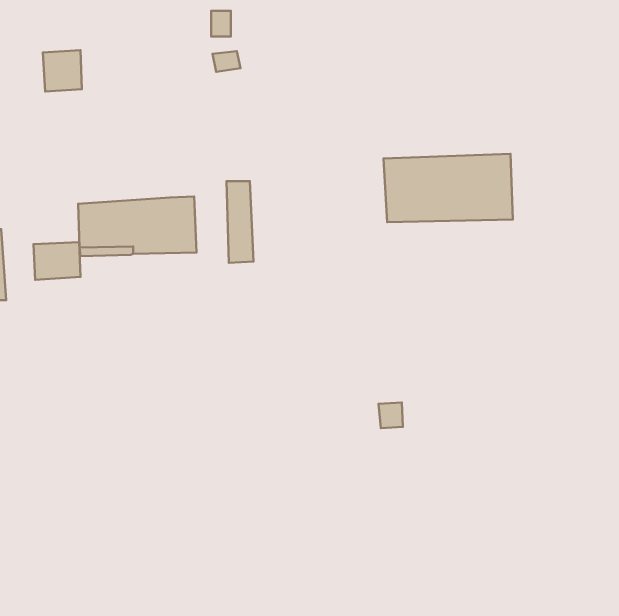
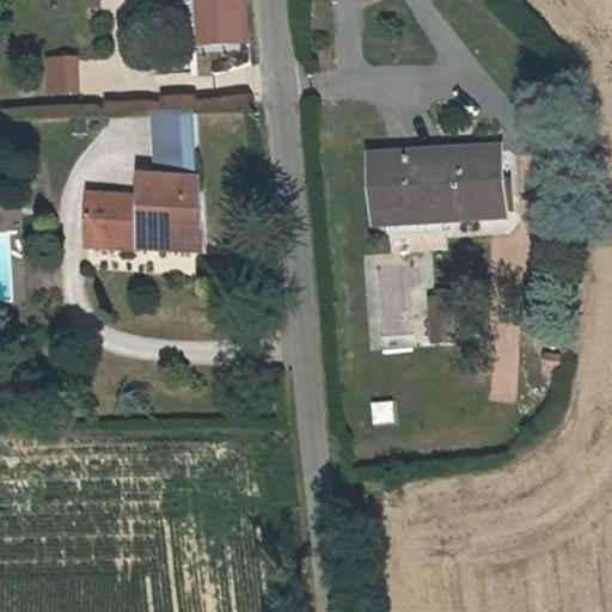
building: [227,181,253,263] -> [164,114,190,194]
building: [34,242,80,280] -> none

